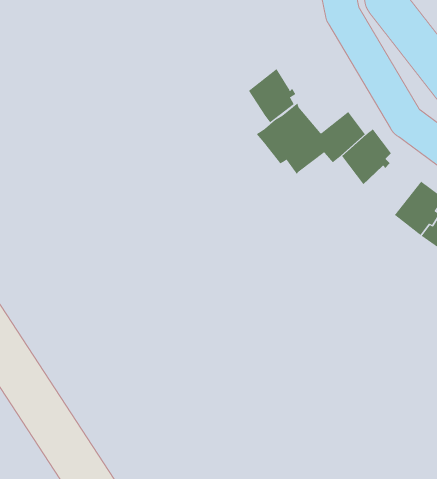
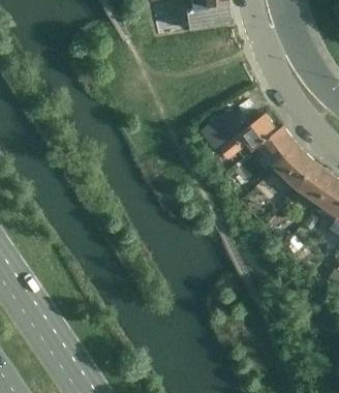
building: [248,68,296,123] -> none
building: none -> [275,144,316,188]

